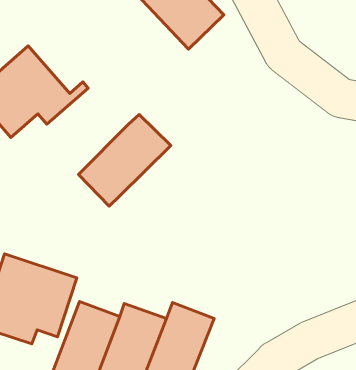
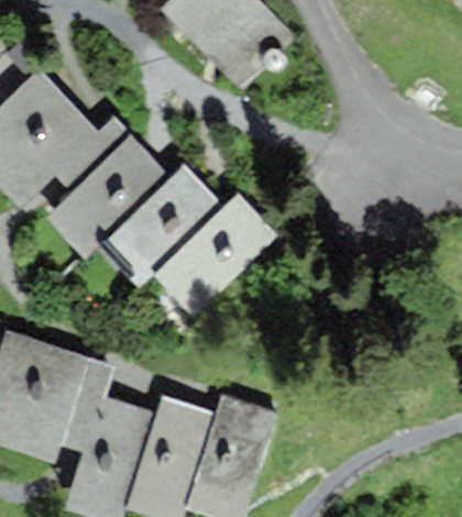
building: none -> [53,140,167,254]
building: none -> [156,189,274,306]

